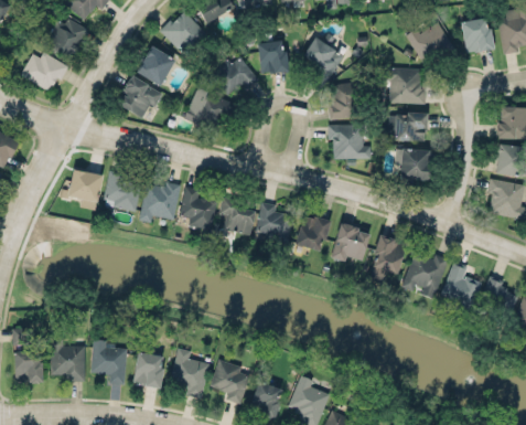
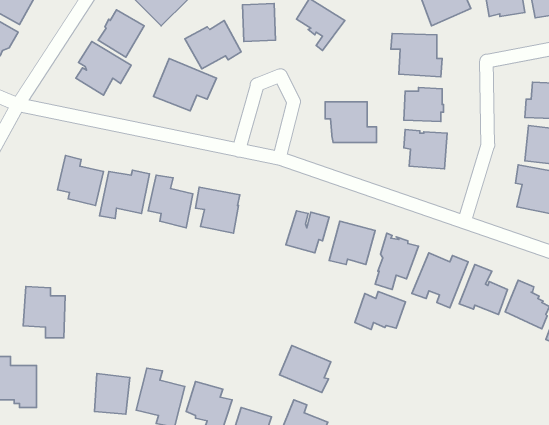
building: [329,84,356,119] -> none
building: [67,170,101,210] -> none
building: [256,202,292,244] -> none
building: none -> [355,292,405,329]
building: none -> [280,346,331,392]
building: [90,341,126,384] -> [23,287,65,338]

